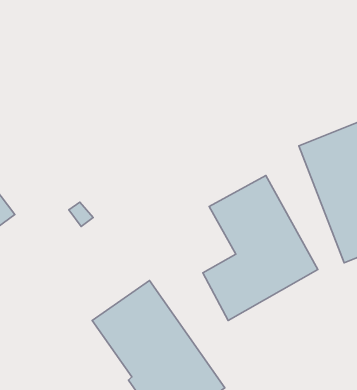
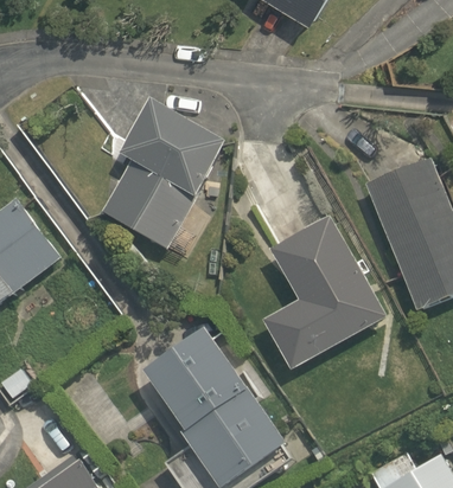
building: none -> [101,97,226,248]

